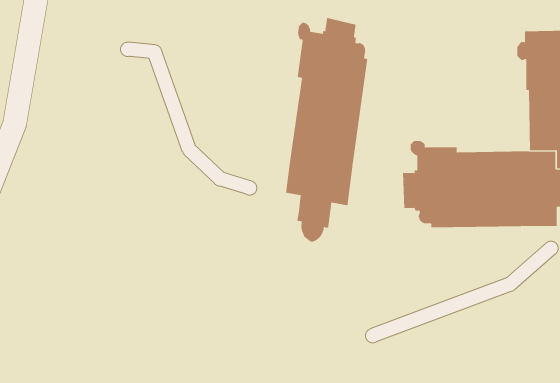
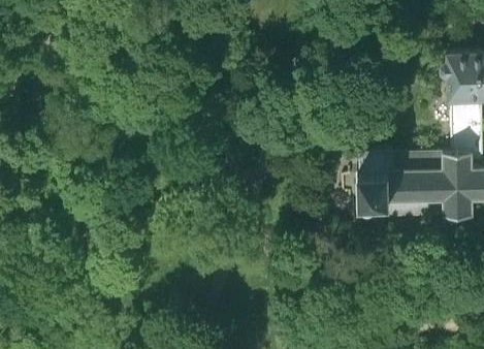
building: [285,17,368,242] -> none

